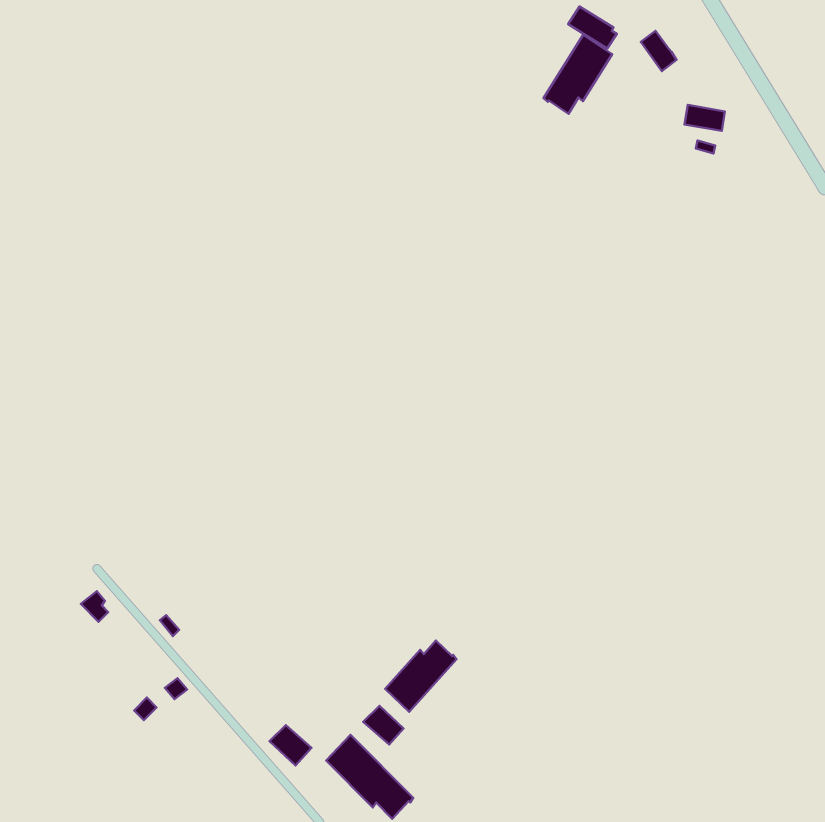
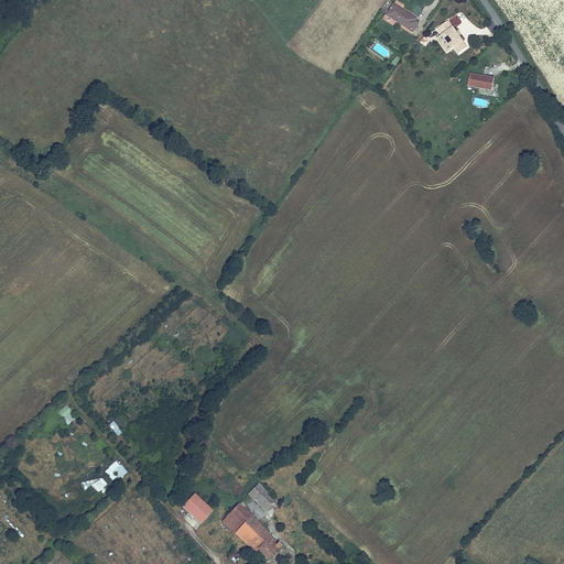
building: [543,35,612,114] -> none
building: [385,641,457,712] -> none

